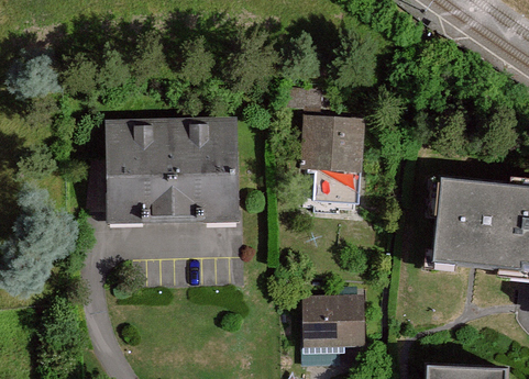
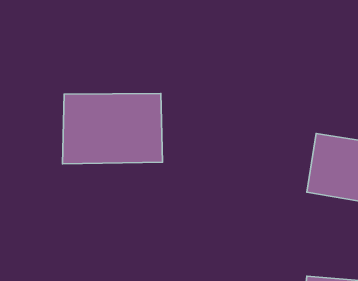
building: [295,113,360,165] -> none
building: [296,281,365,354] -> none

